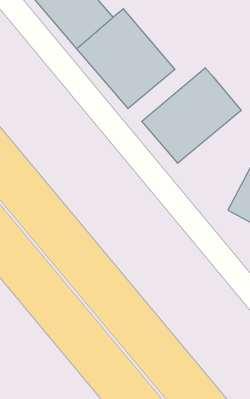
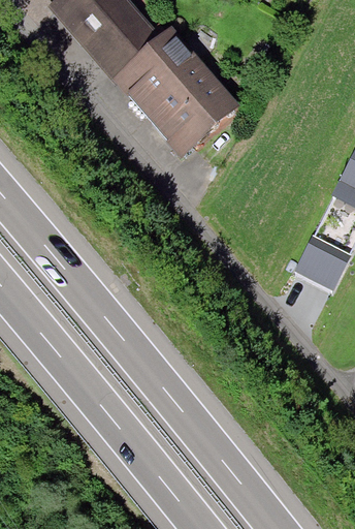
building: [142,68,241,163] -> none

